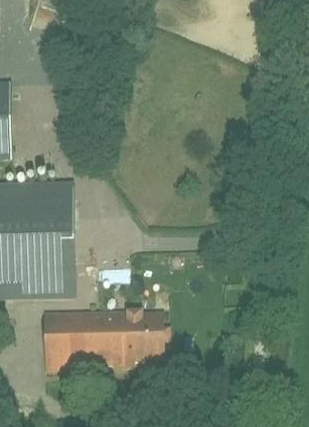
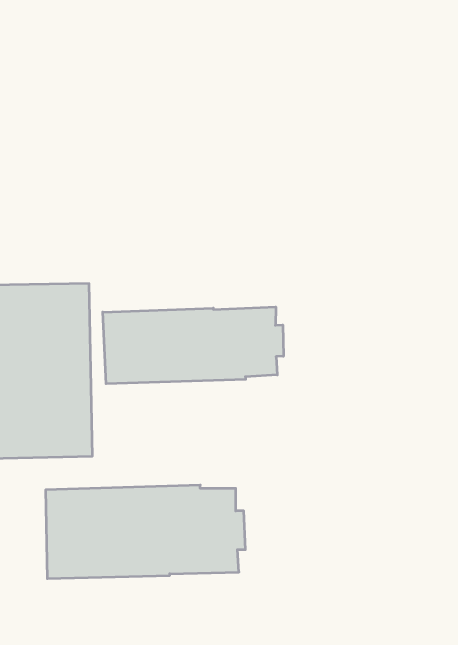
building: none -> [103,307,283,384]

